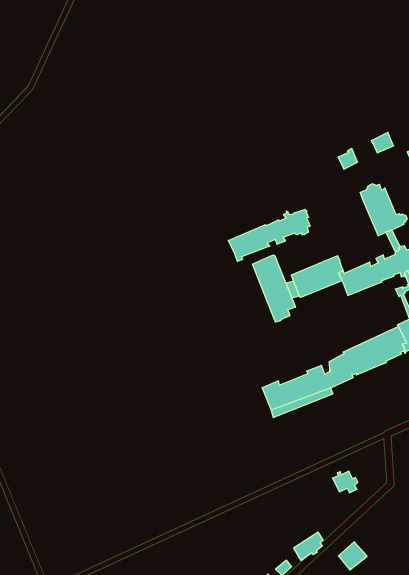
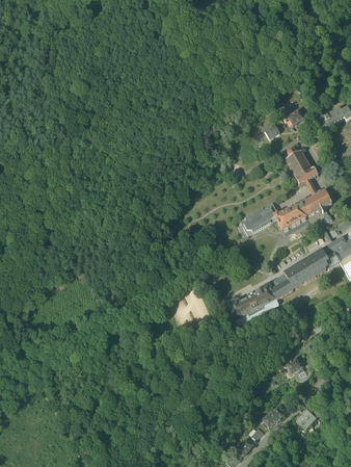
building: [228,209,310,261] -> none
building: [253,255,295,322] -> none

